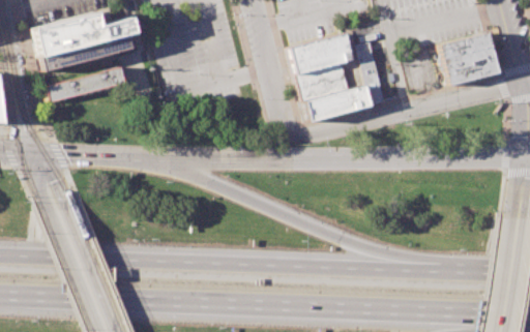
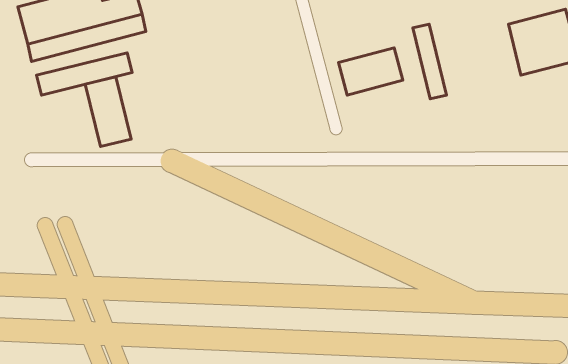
building: [293,34,356,74] -> none
building: [306,86,373,122] -> none
building: none -> [85,77,131,147]

